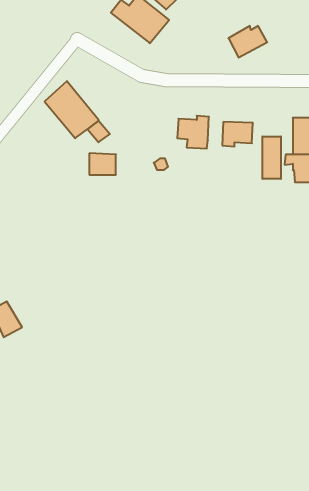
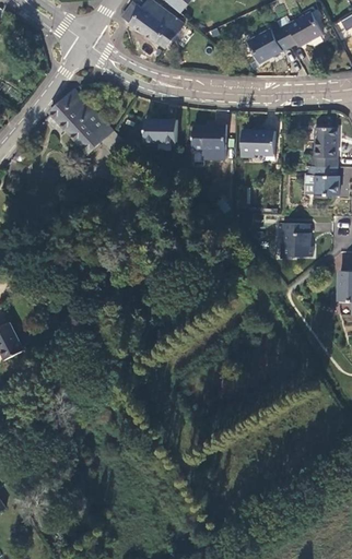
building: none -> [278,11,320,46]
building: [262,136,281,179] -> none
building: [89,153,116,175] -> [144,120,173,143]
building: none -> [279,224,310,259]

